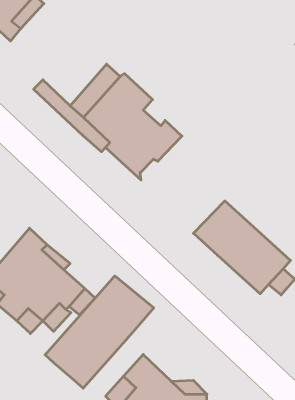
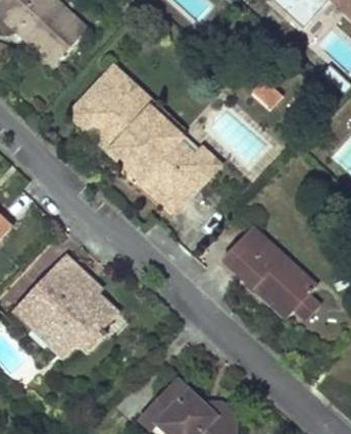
building: none -> [77,68,139,133]
building: [45,276,154,388] -> none

